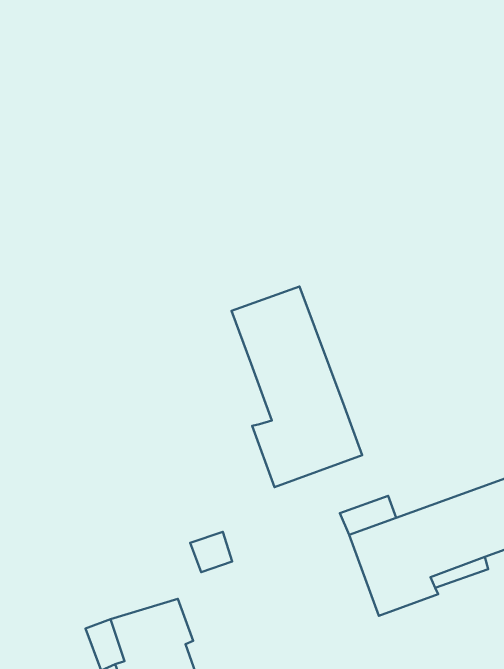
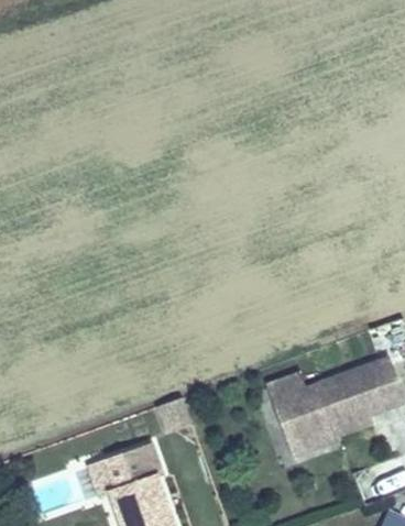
building: [232,286,362,487] -> none

